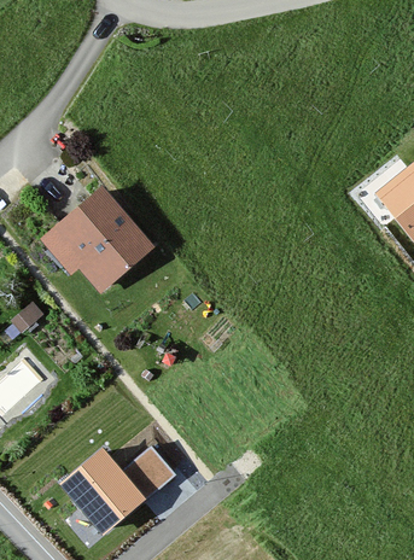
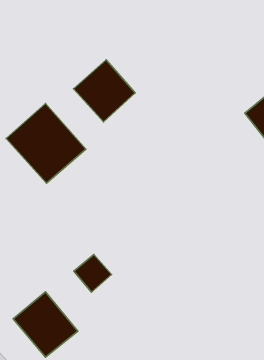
building: none -> [74,60,135,122]
building: [121,448,173,500] -> [74,255,111,292]

